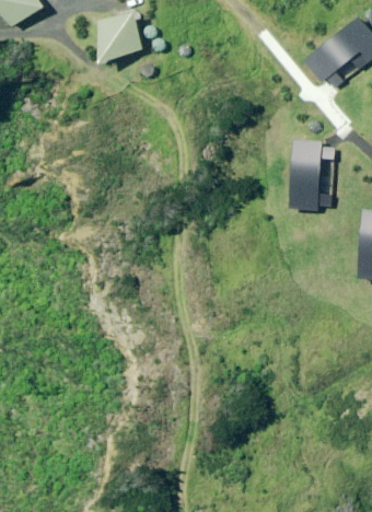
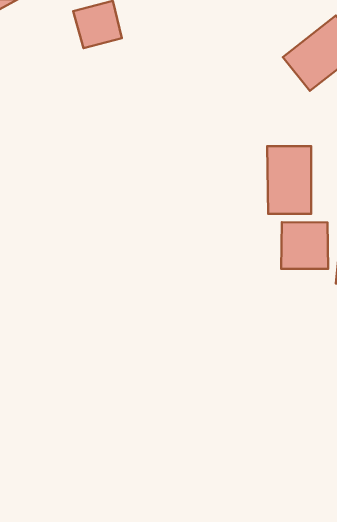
building: none -> [281,222,328,269]

